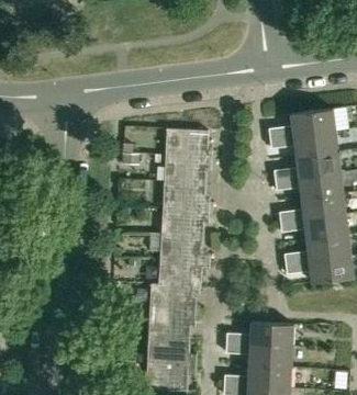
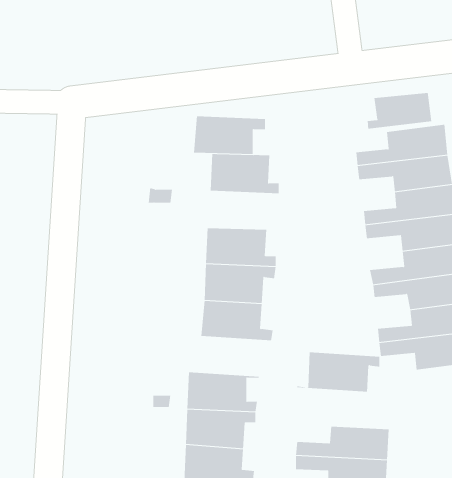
building: none -> [367,92,432,129]
building: [163,155,214,182] -> [193,116,266,155]
building: [149,258,209,286] -> [297,352,380,392]

